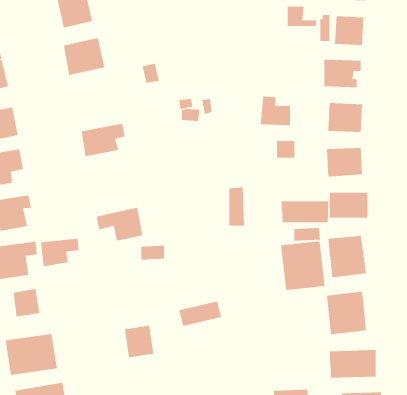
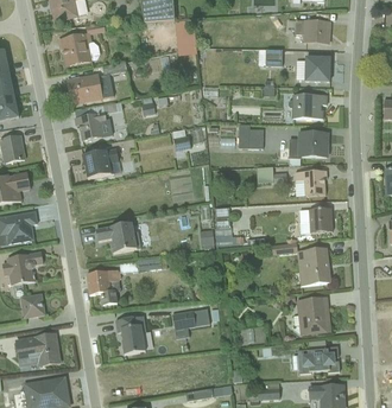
building: none -> [75,111,108,141]
building: [281,201,329,223] -> none
building: [40,238,79,267] -> [87,269,121,294]
building: [281,241,325,291] -> none

